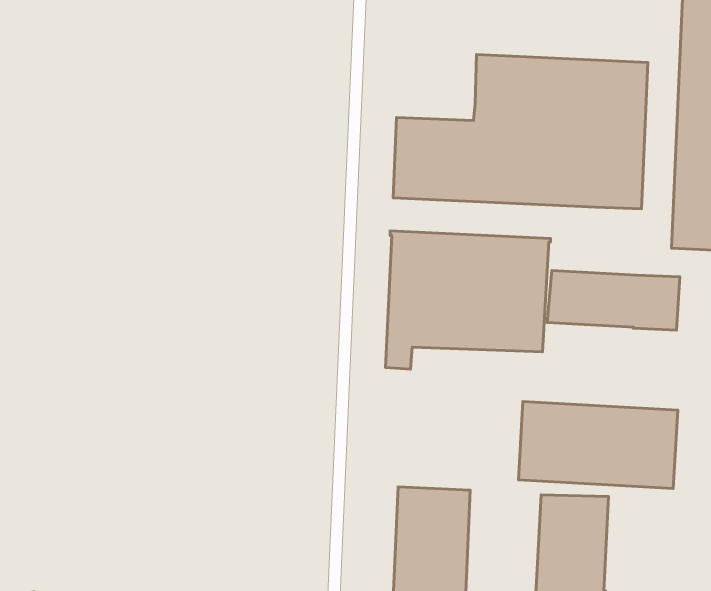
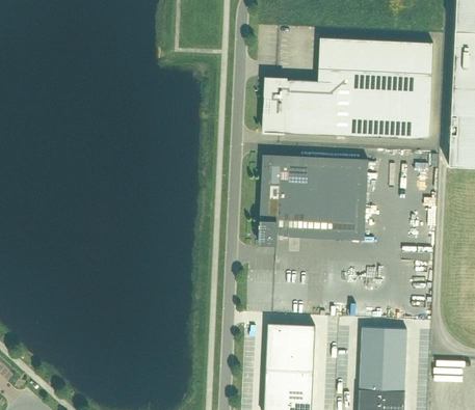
building: [547,271,680,330] -> none
building: [518,401,678,489] -> none

